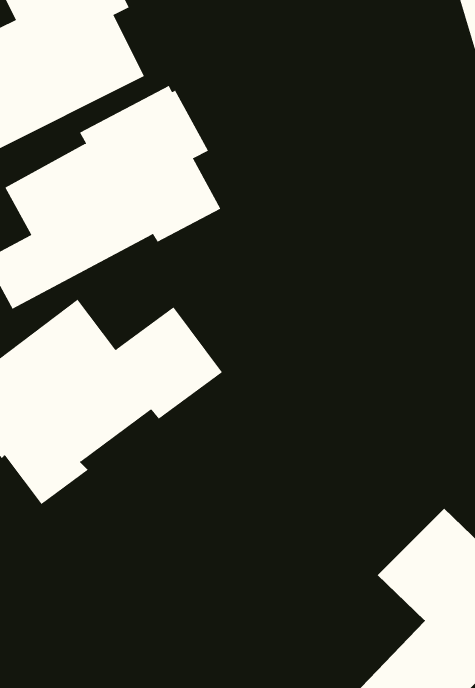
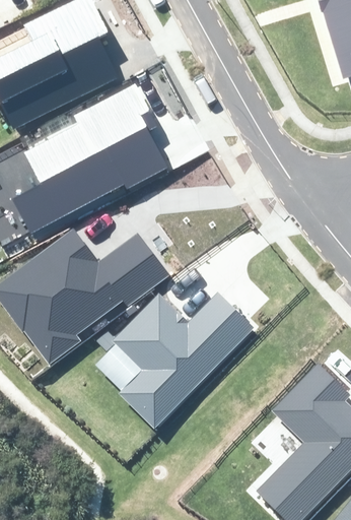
building: none -> [112,292,253,428]

